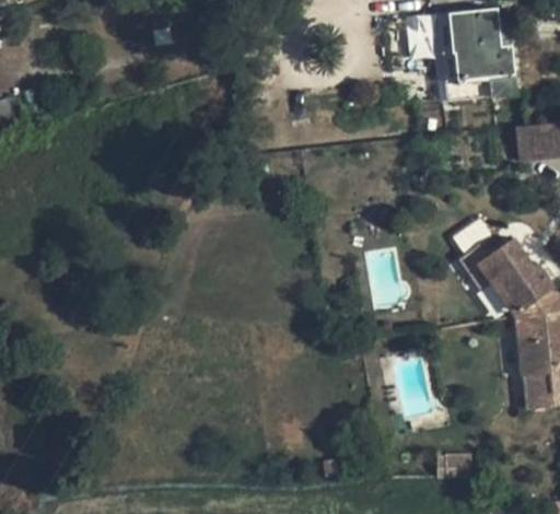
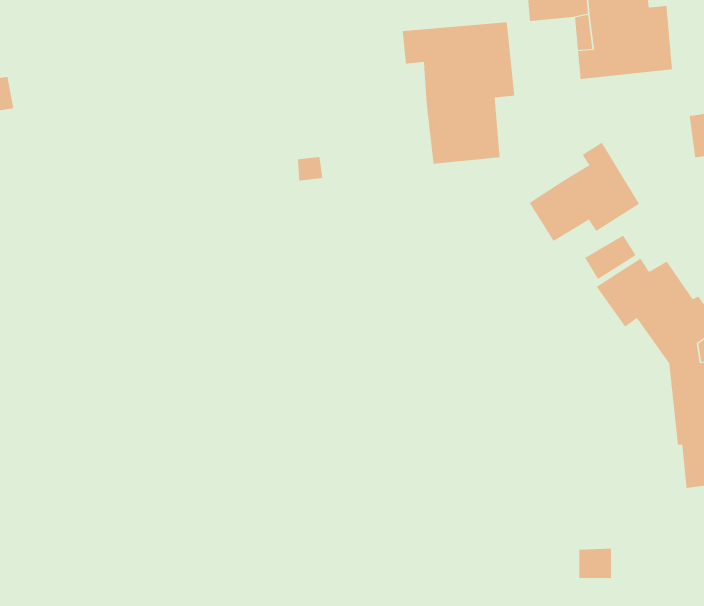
building: none -> [402,21,515,164]
building: none -> [529,142,640,242]

